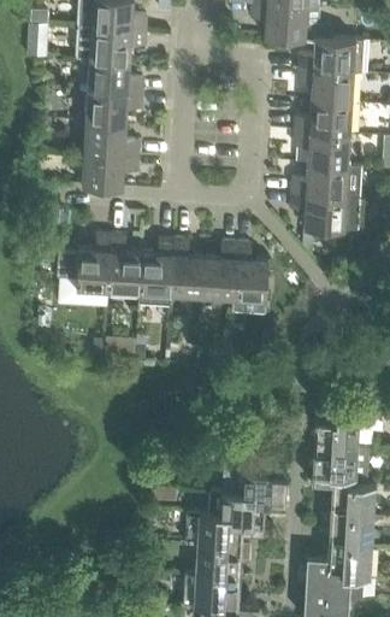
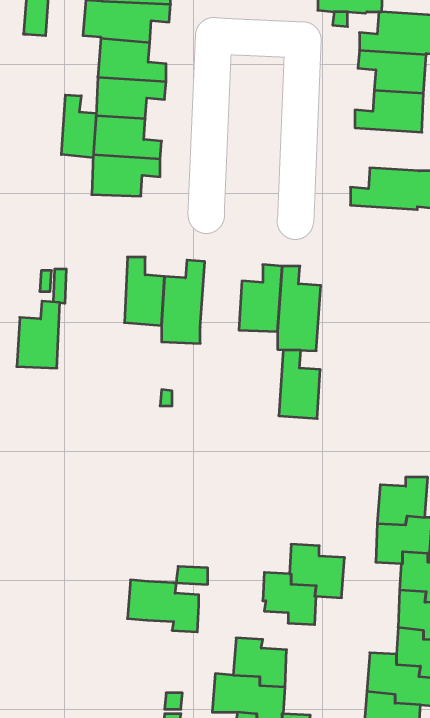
building: none -> [61,95,96,158]
building: [294,133,349,168] -> none
building: [290,195,345,255] -> none
building: [76,236,111,290] -> [17,301,60,368]
building: [170,241,203,296] -> [279,350,320,419]
building: [183,513,241,556] -> [127,580,199,632]

